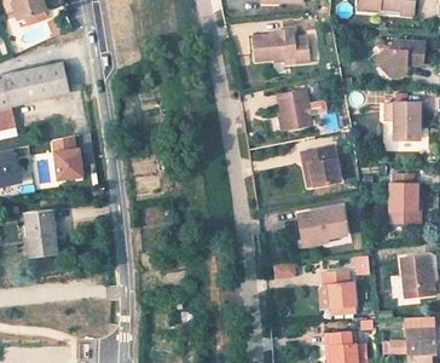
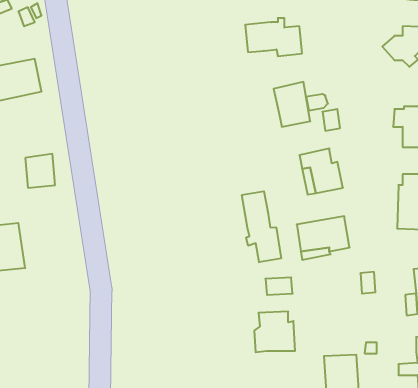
building: none -> [242,191,281,262]
building: [317,272,353,309] -> [254,312,295,352]

